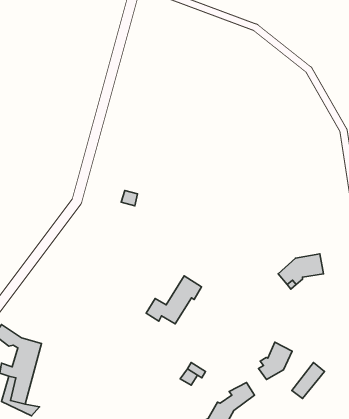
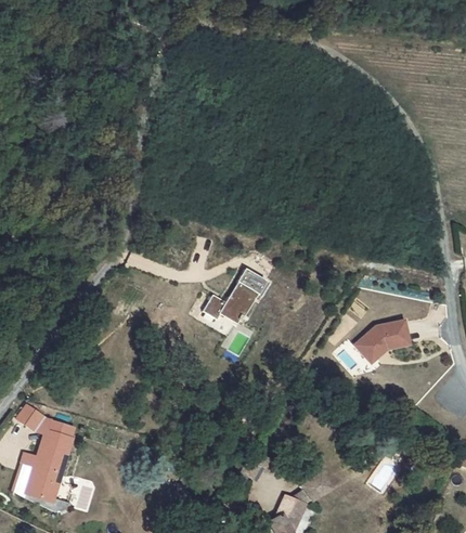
building: [146,276,202,324] -> [200,268,267,325]
building: [258,342,292,379] -> none

